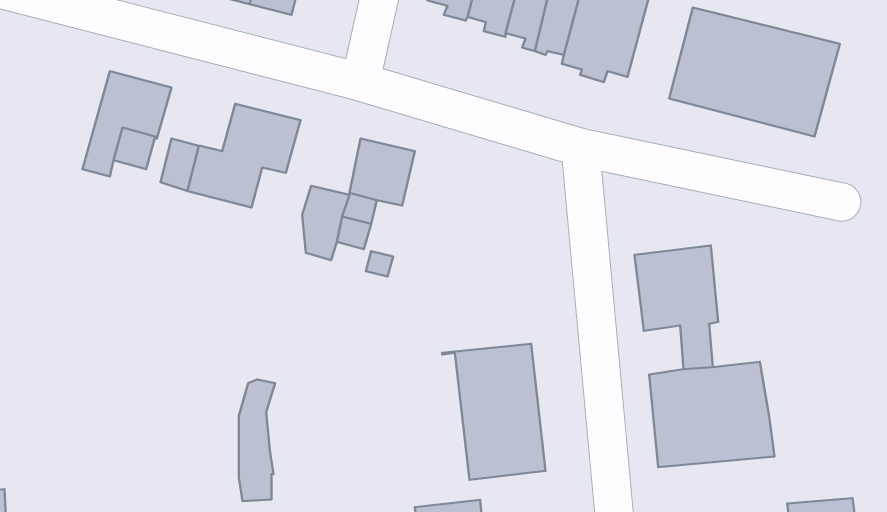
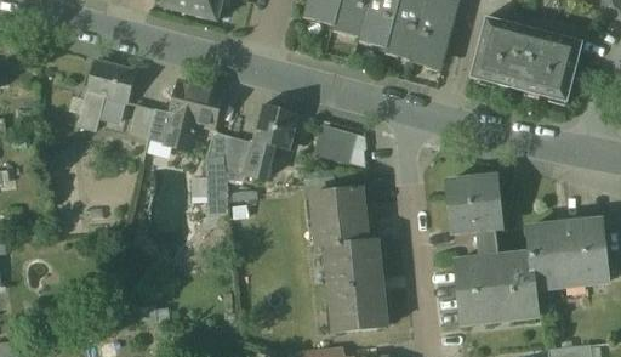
building: none -> [307,120,366,162]
building: none -> [312,187,377,246]
building: none -> [526,220,609,289]
building: [239,380,275,501] -> [206,132,230,214]

